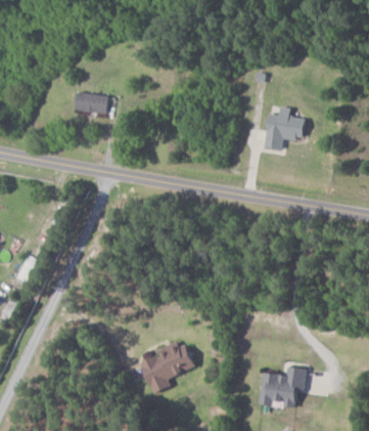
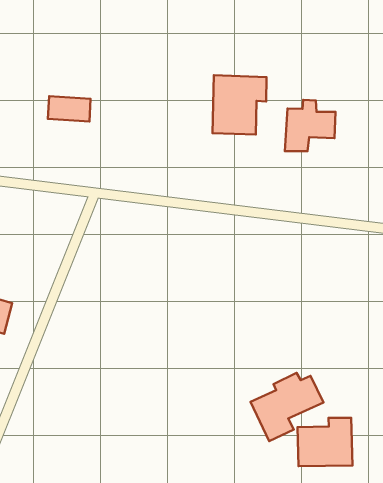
building: none -> [213,75,267,135]
building: [139,341,198,395] -> [251,373,324,441]

